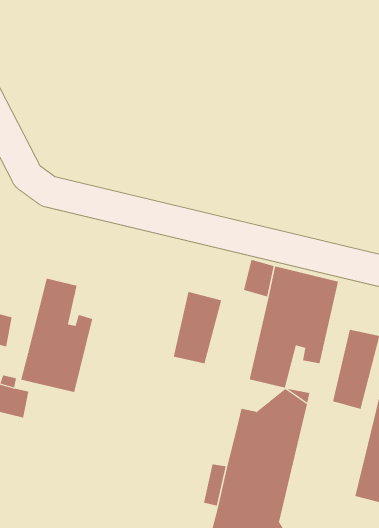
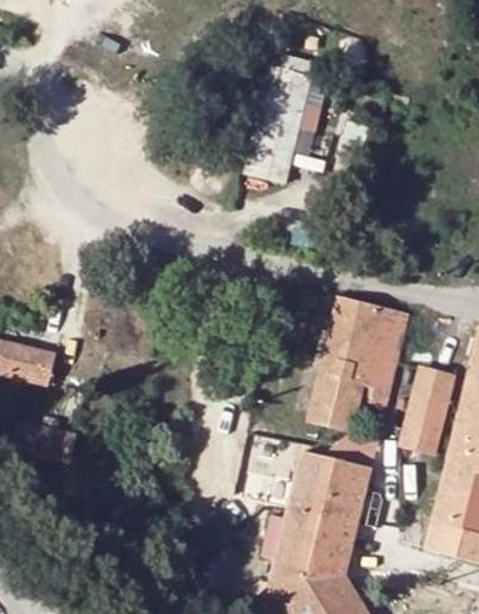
building: none -> [247,70,311,186]
building: [20,278,93,393] -> none
building: [173,291,222,364] -> none

